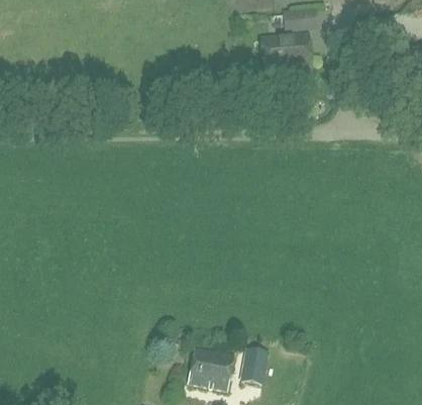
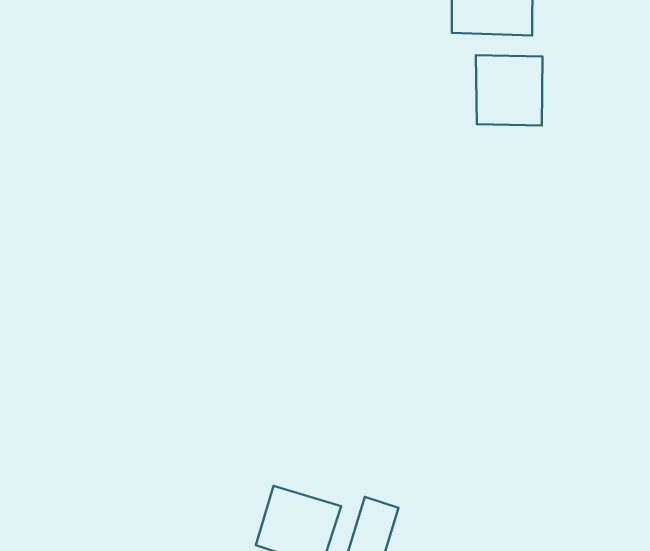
building: none -> [476,55,543,125]

